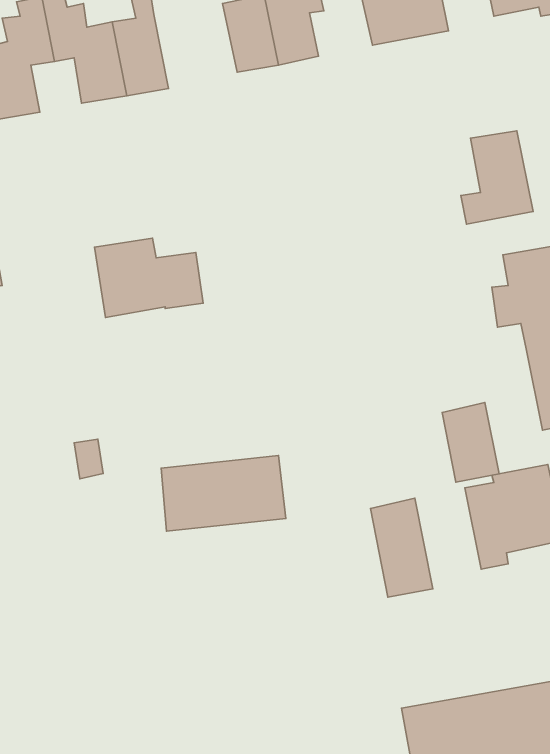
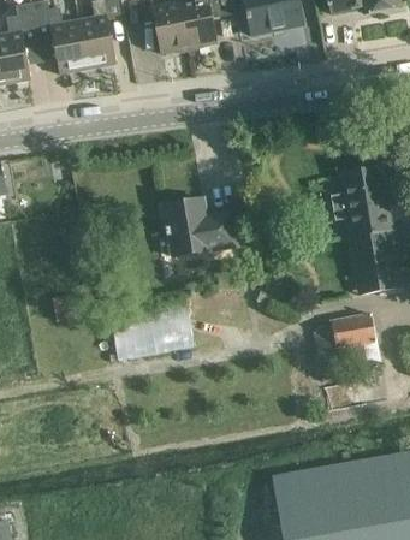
building: [461,131,533,224] -> none
building: [95,238,203,318] -> [166,202,238,255]
building: [442,403,499,482] -> none
building: [370,498,433,597] -> none

